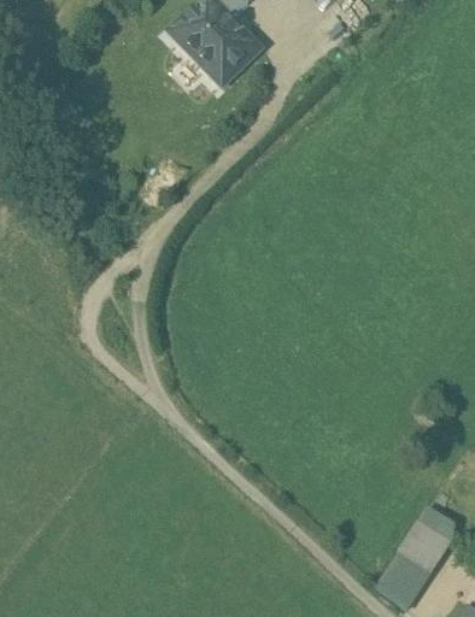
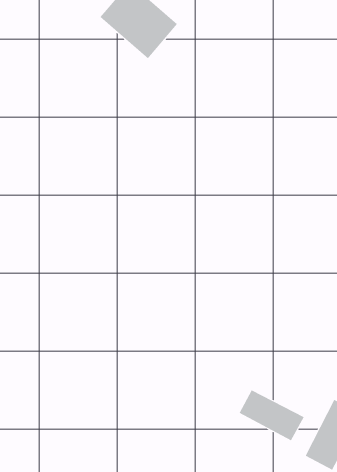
building: none -> [239,389,304,441]

